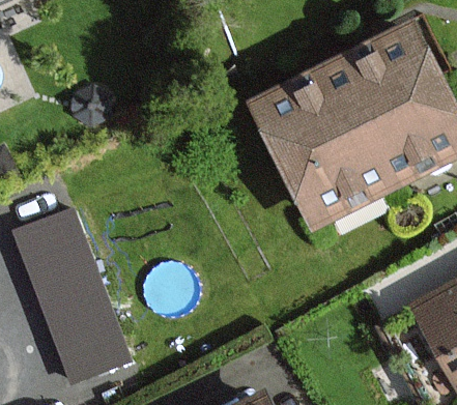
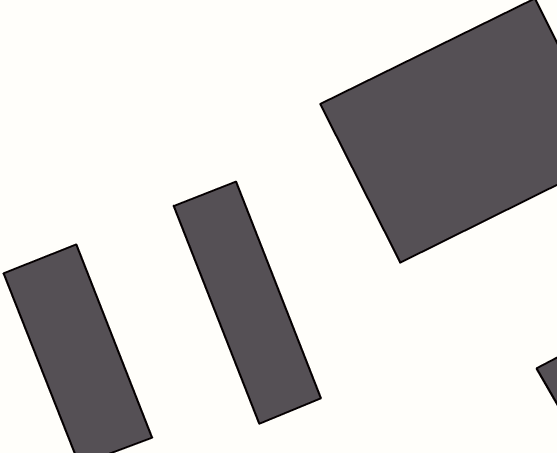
building: none -> [174,182,321,424]

